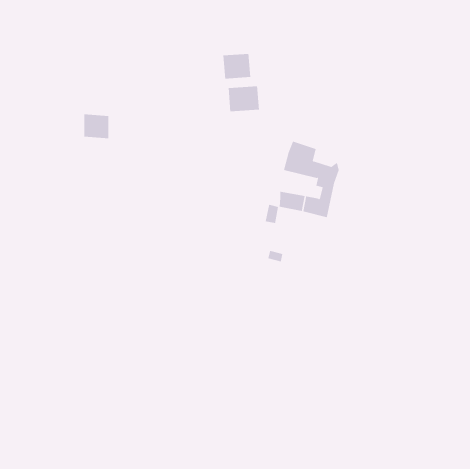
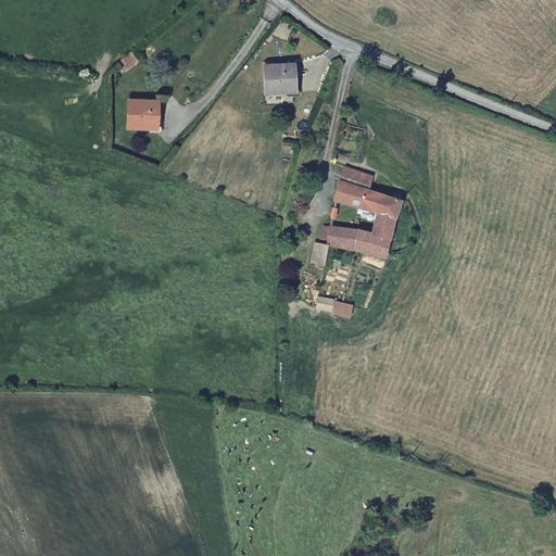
building: [228,86,259,112] -> none
building: [83,114,109,139] -> [128,99,159,128]

